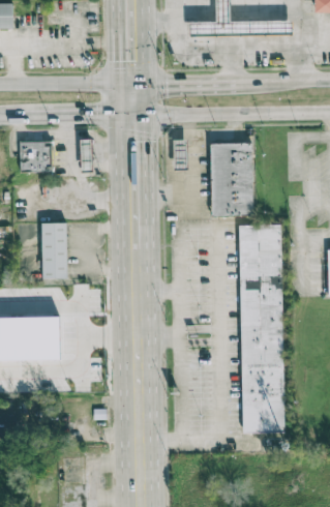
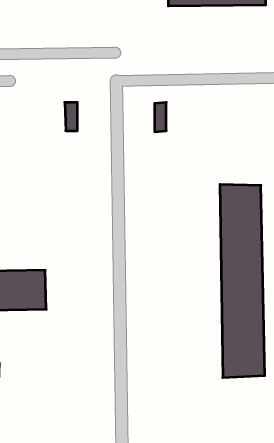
building: [18,141,49,172] -> none
building: [209,142,251,213] -> none
building: [39,221,65,276] -> none

